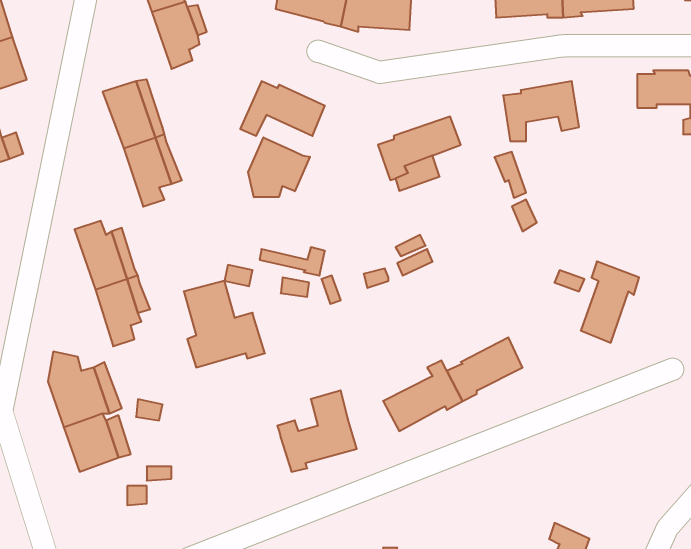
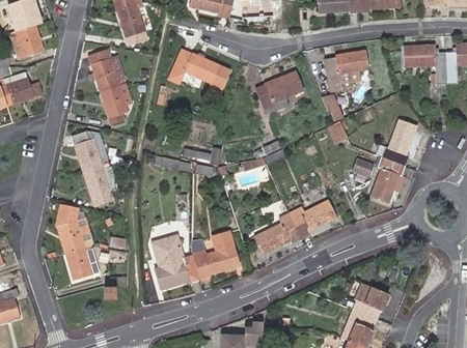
building: [248,137,310,197] -> none
building: none -> [379,118,416,165]
building: [184,281,265,367] -> [152,236,199,287]
building: none -> [354,283,387,318]

